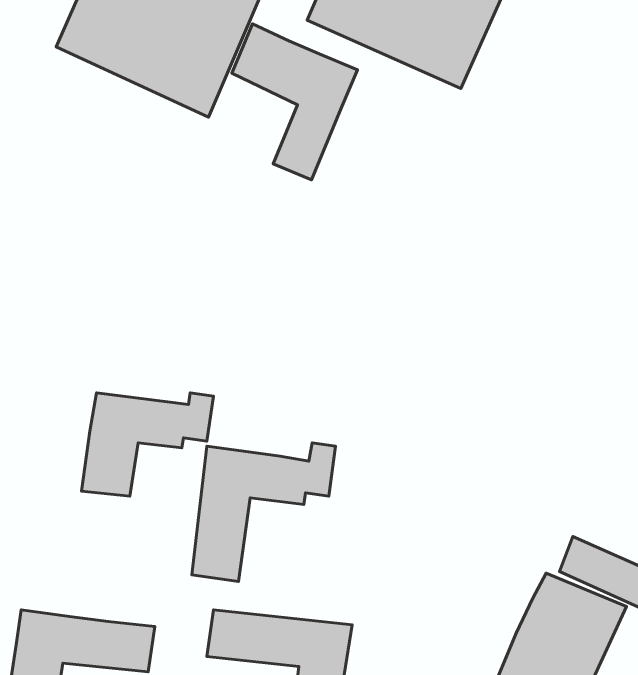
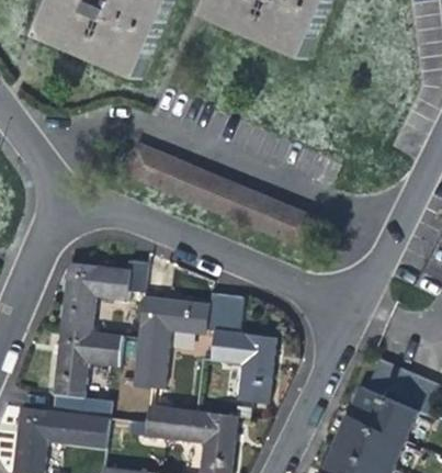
building: [232,24,358,180] -> none
building: none -> [126,145,318,256]
building: none -> [218,297,283,403]
building: none -> [50,327,121,416]

